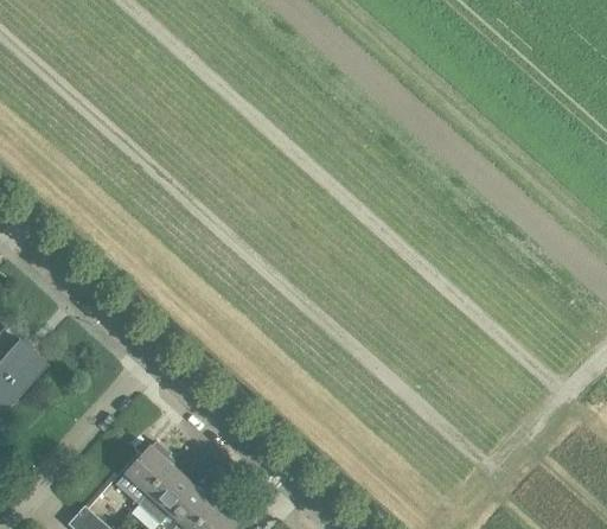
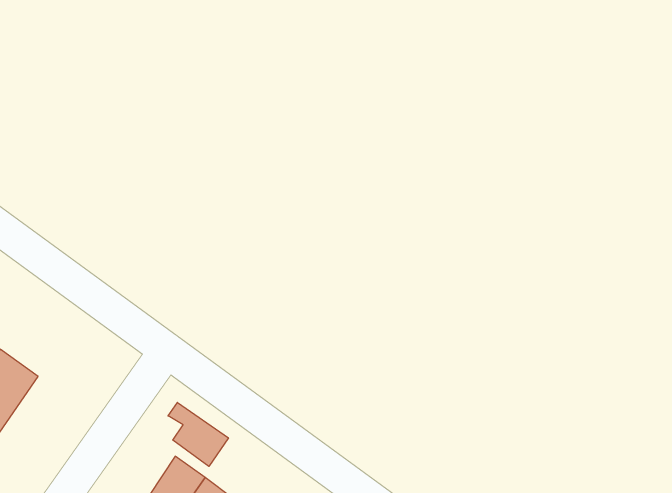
building: none -> [168,402,228,466]

